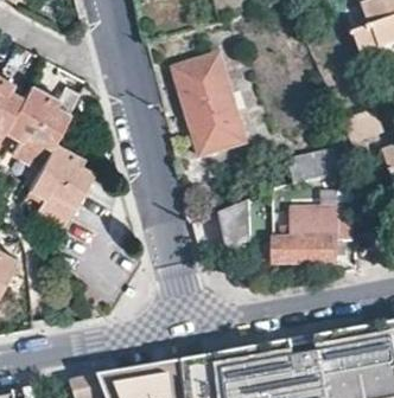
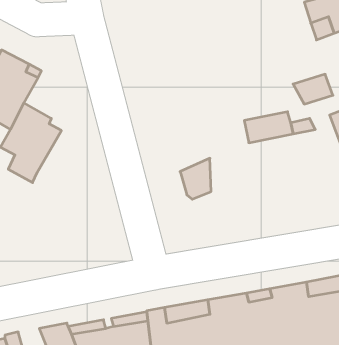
building: [173,54,243,155] -> none
building: [274,195,350,263] -> none

